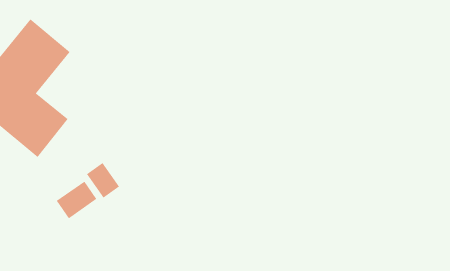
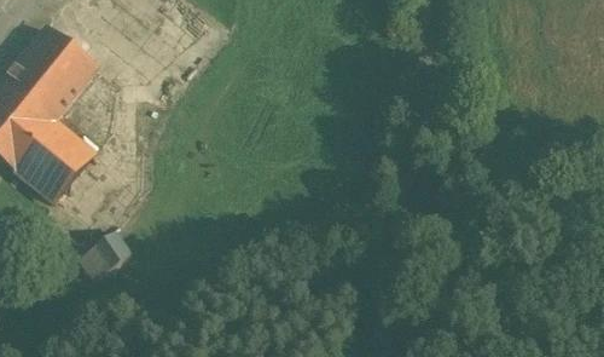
building: [86,162,120,198] -> none

